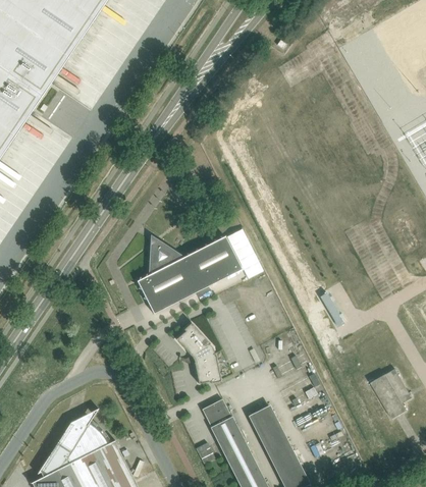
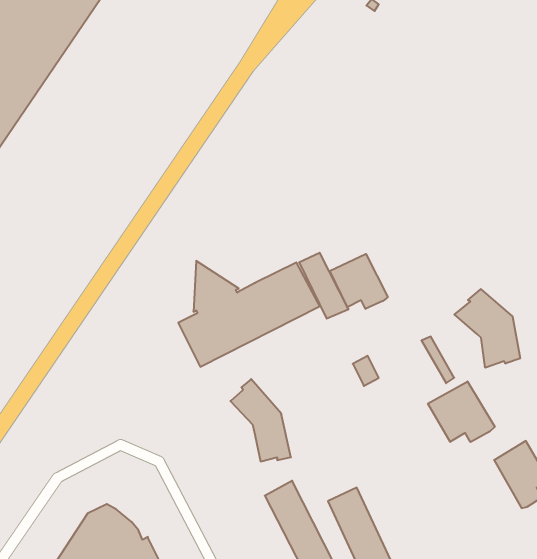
building: none -> [330,254,388,309]
building: none -> [454,289,520,368]
building: none -> [428,381,495,442]

